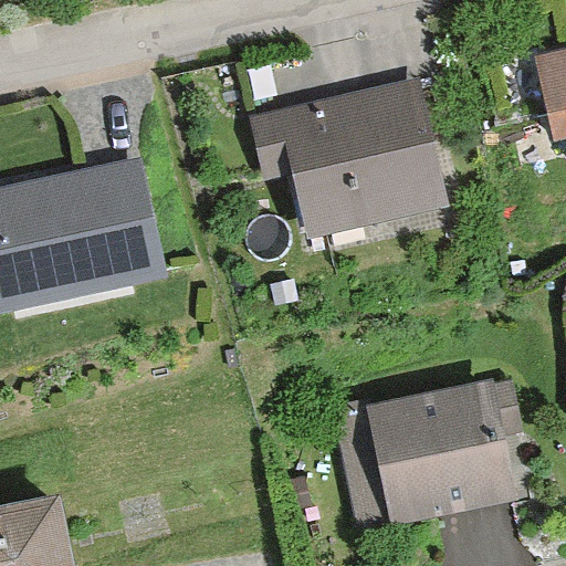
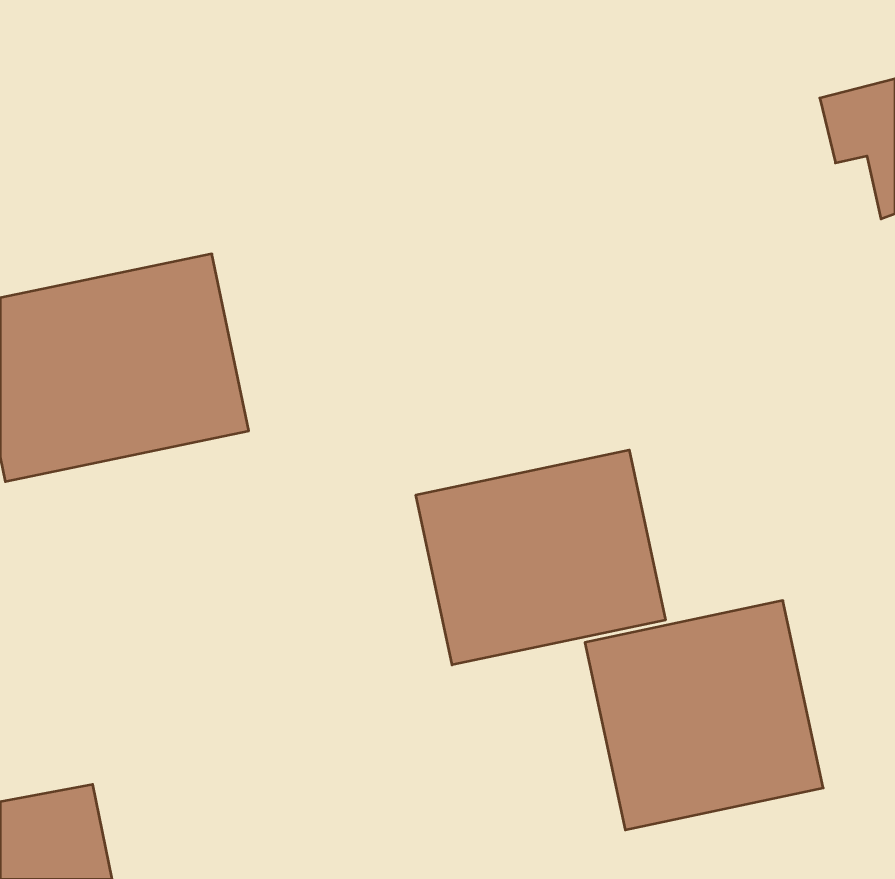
building: [252,76,449,240] -> none
building: none -> [416,450,665,665]

